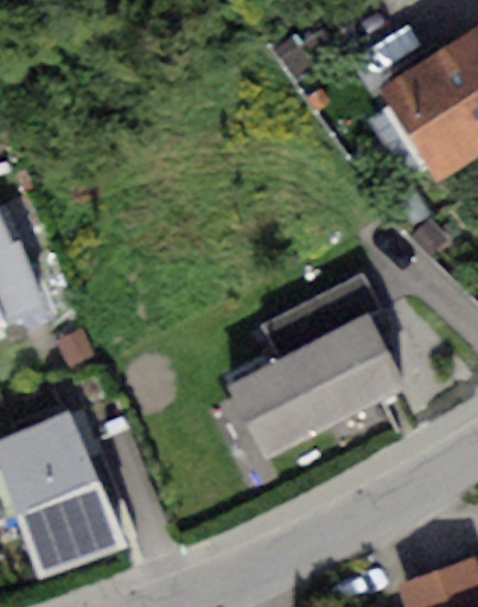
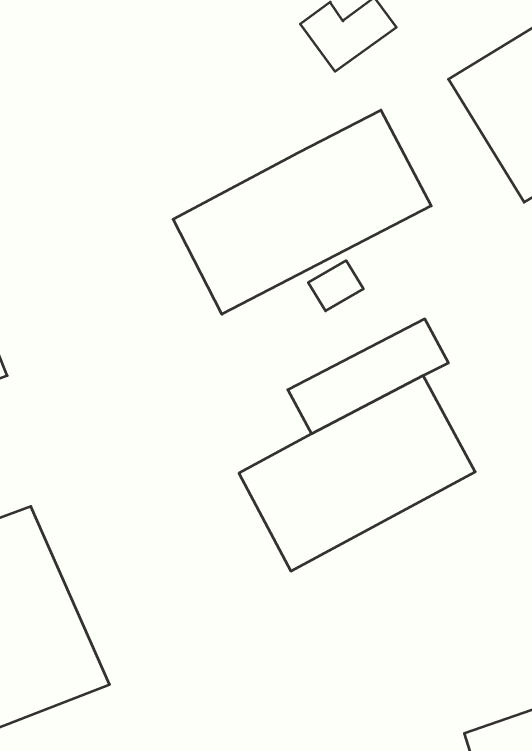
building: none -> [173,110,431,314]

